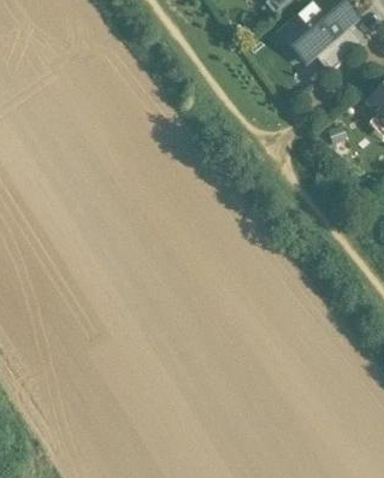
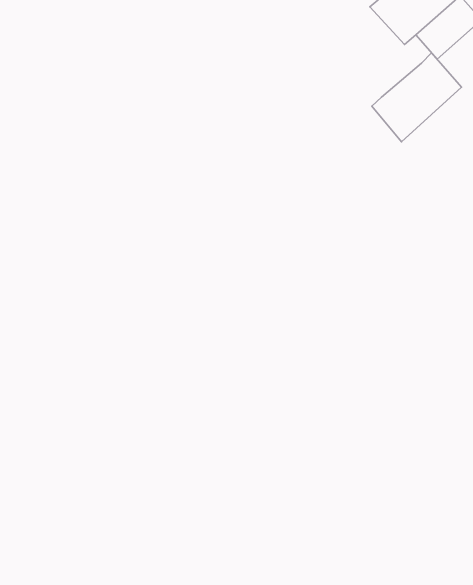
building: none -> [372,53,462,142]

